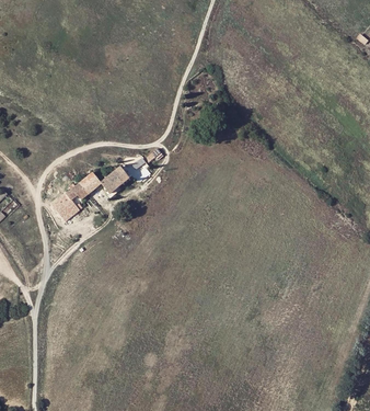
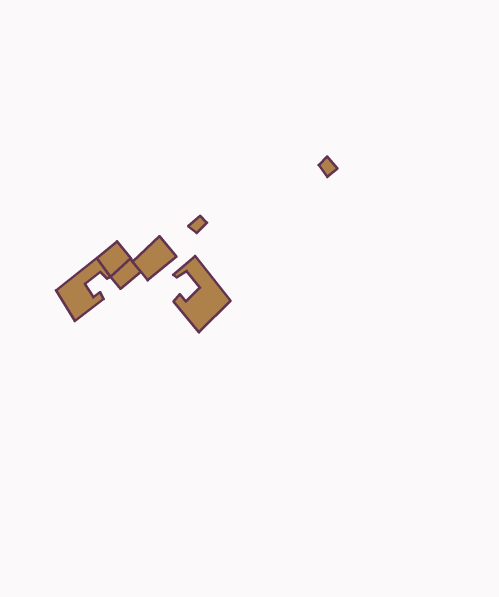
building: none -> [173,256,230,332]

